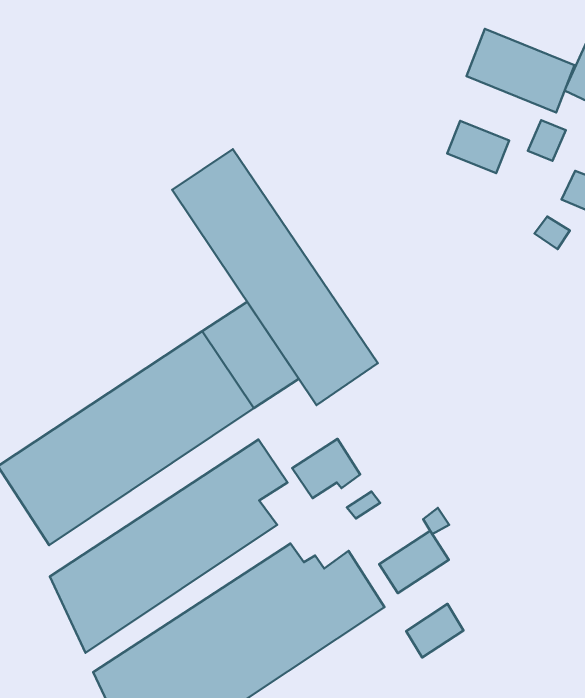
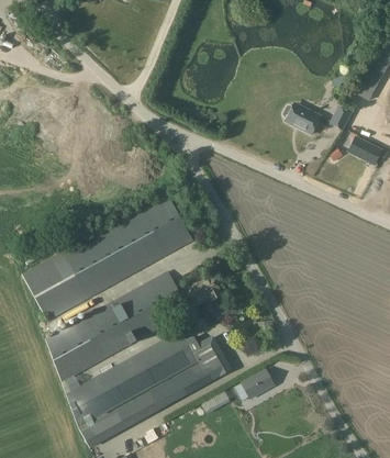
building: [467,29,574,112] -> none
building: [172,149,378,405] -> none
building: [379,531,449,593] -> none

